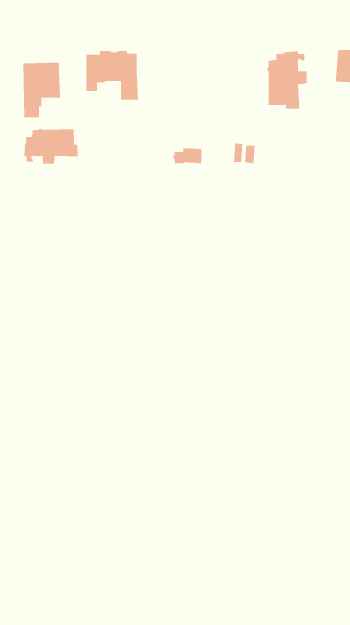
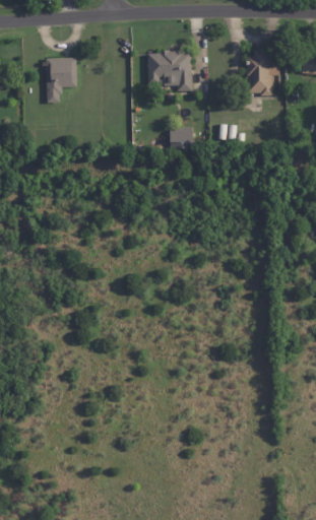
building: [86,51,139,100] -> [148,51,192,91]
building: [24,128,78,164] -> none

